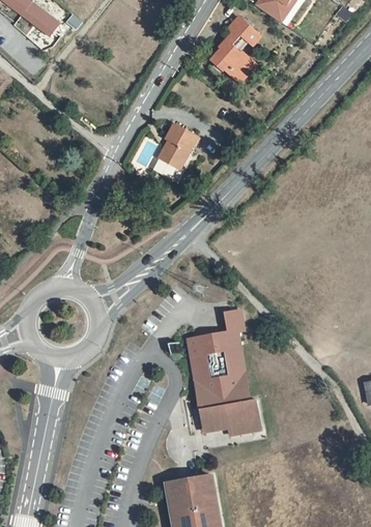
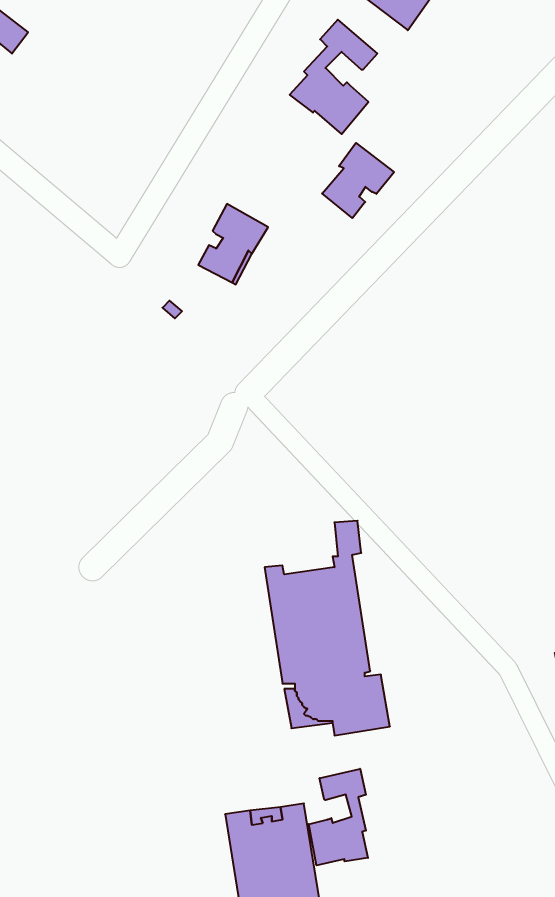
building: none -> [322,143,394,218]
building: none -> [309,769,368,865]

